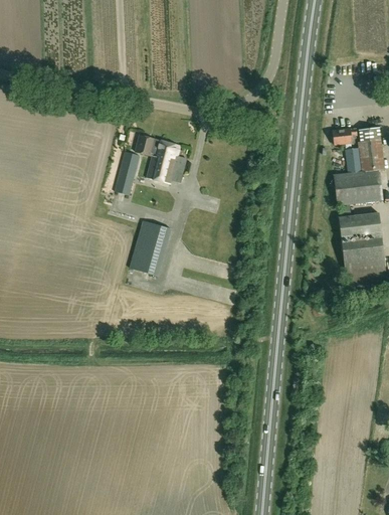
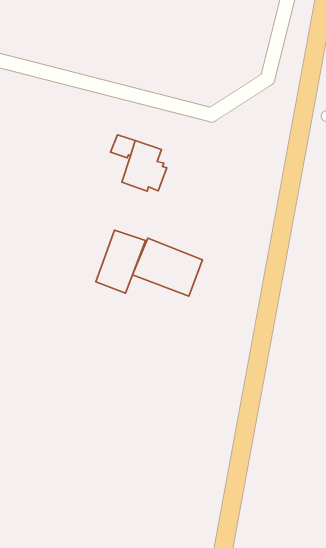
building: [114,151,139,194] -> none
building: none -> [132,238,202,296]

